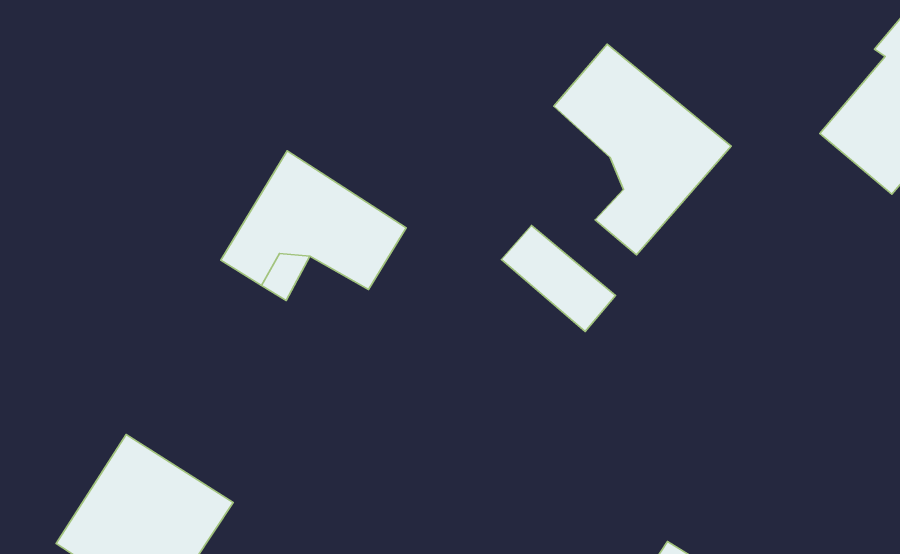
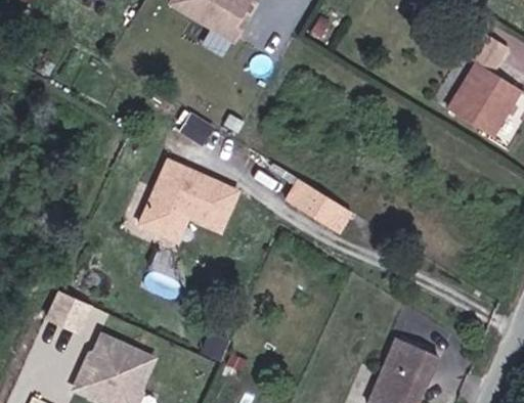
building: [554,44,731,255] -> none
building: none -> [48,285,96,330]

